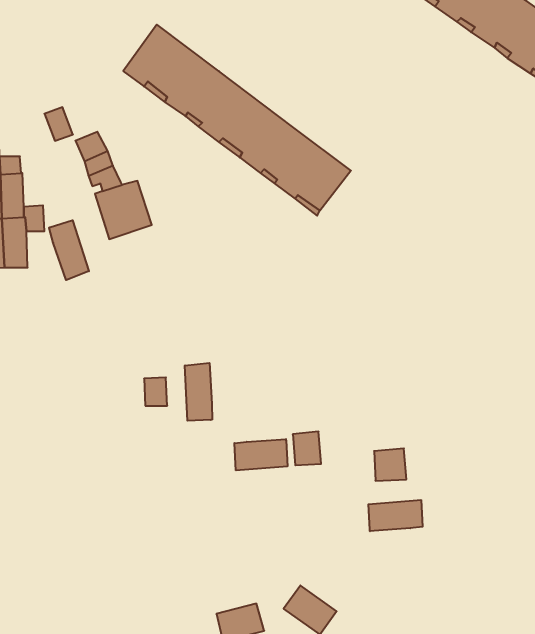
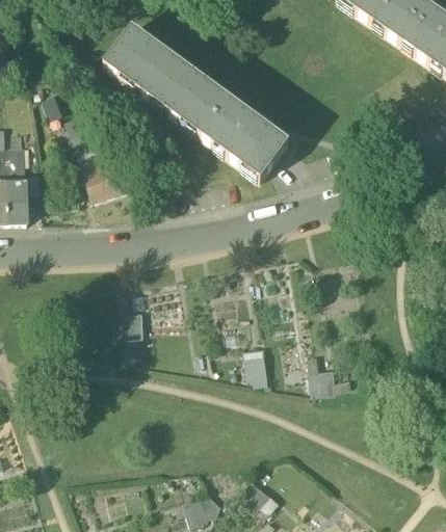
building: [49,220,89,280] -> none
building: [185,363,212,421] -> none
building: [234,439,287,470] -> none
building: [368,500,423,531] -> none

